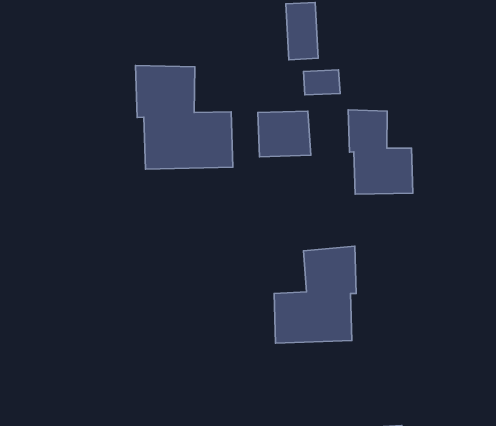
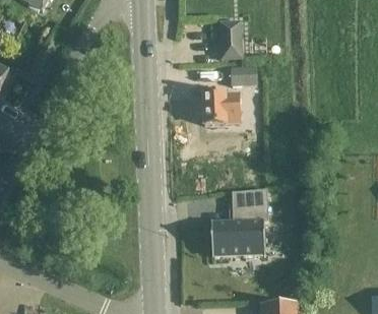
building: [136,66,233,169] -> none
building: [348,110,413,194] -> none

